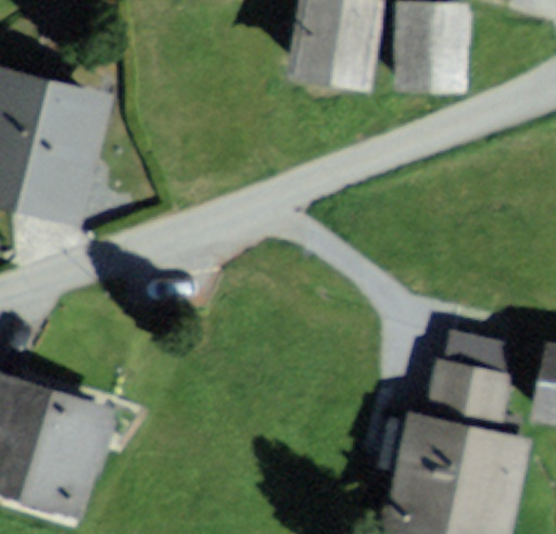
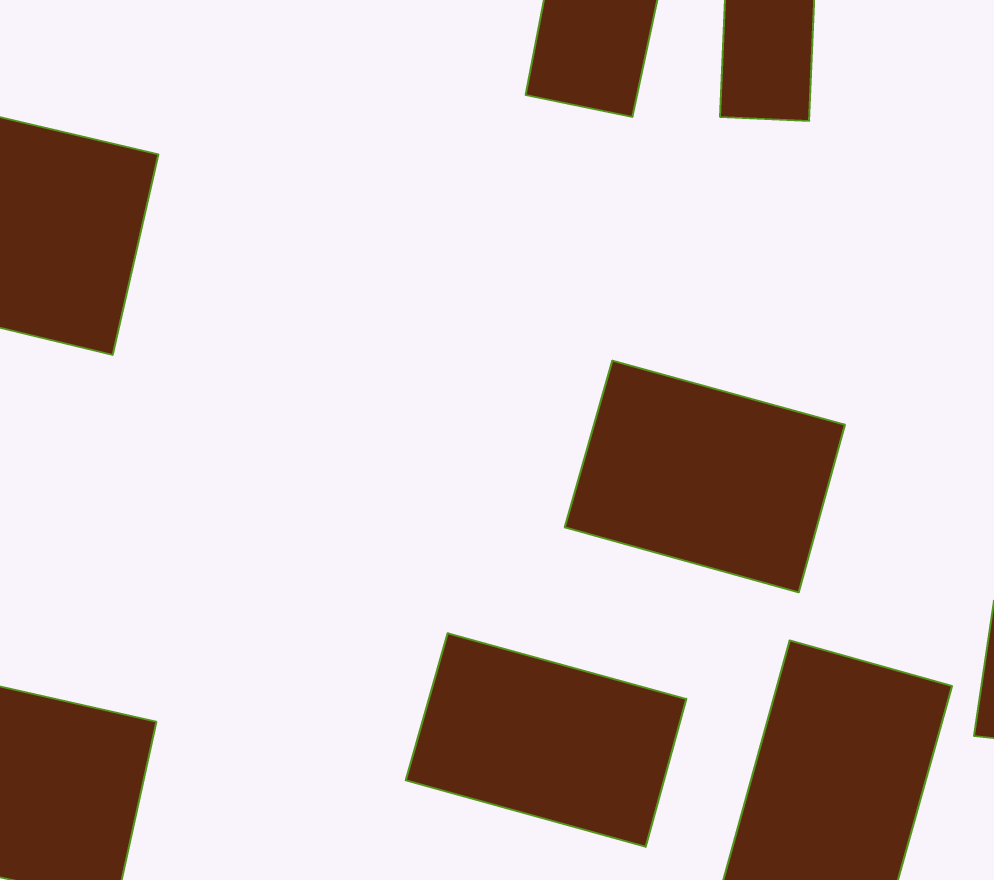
building: none -> [565,361,845,592]
building: none -> [406,633,686,847]

